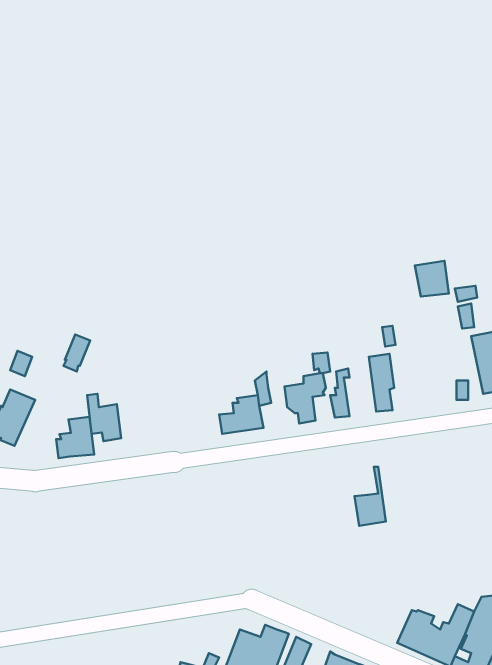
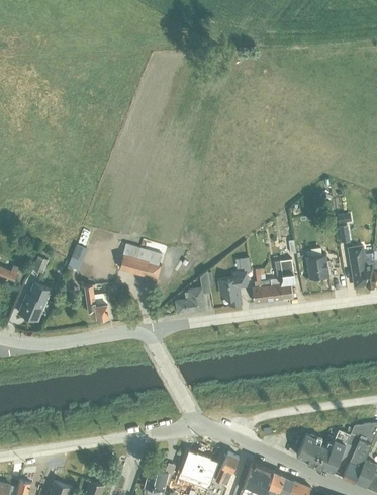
building: [415,261,449,297] -> [305,253,328,277]
building: none -> [118,244,161,280]
building: [56,417,94,458] -> none
building: [355,467,386,526] -> [261,260,282,301]

